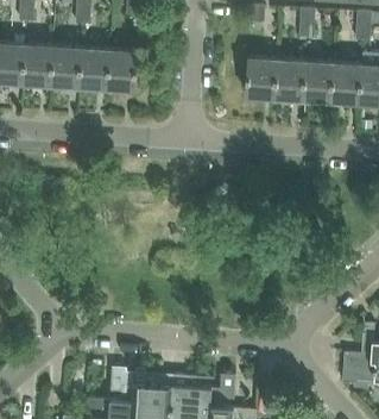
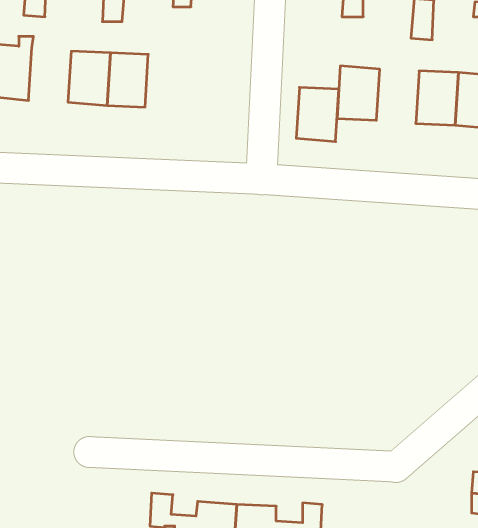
building: [23,45,53,85] -> none
building: [107,50,139,90] -> none
building: [274,61,305,100] -> [296,87,339,142]

